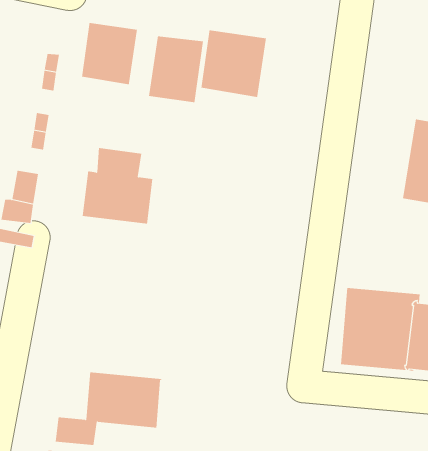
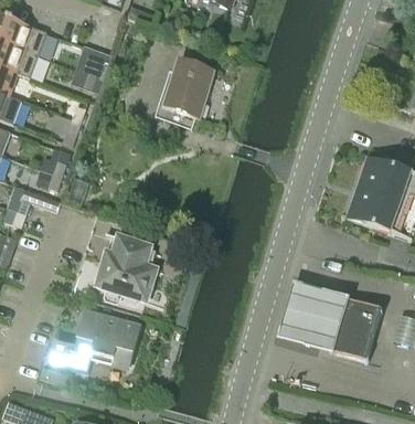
building: [82,22,138,85] -> none
building: [201,30,266,98] -> none
building: [82,148,153,224] -> [97,235,157,300]

